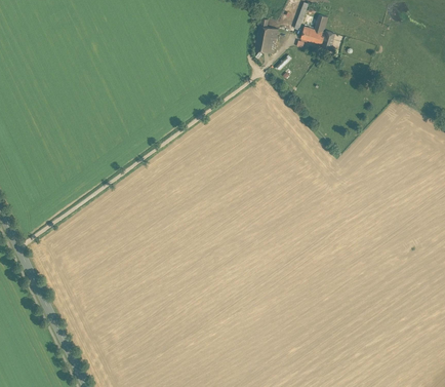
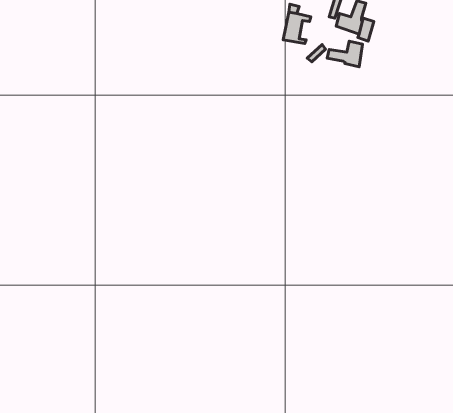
building: none -> [327,41,362,67]

